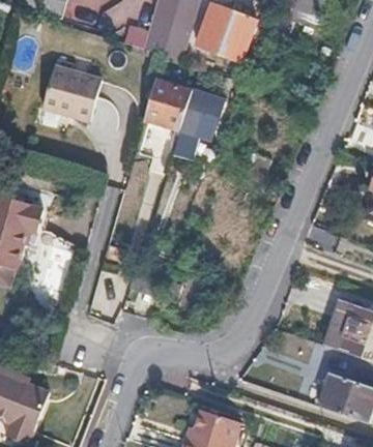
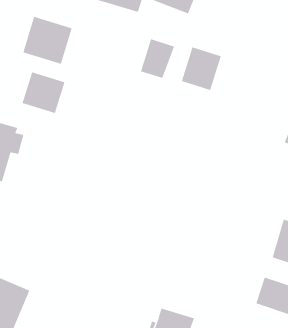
building: [144,80,192,130] -> none
building: none -> [181,47,222,91]
building: none -> [22,72,65,114]

